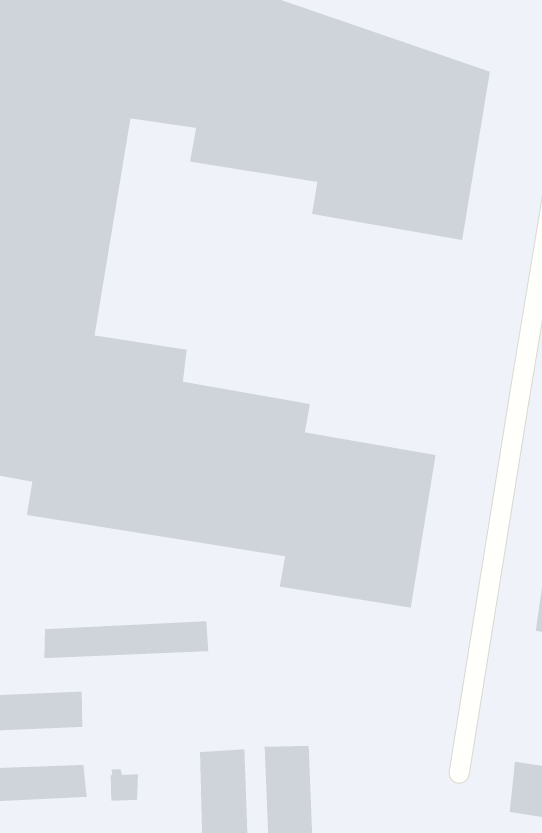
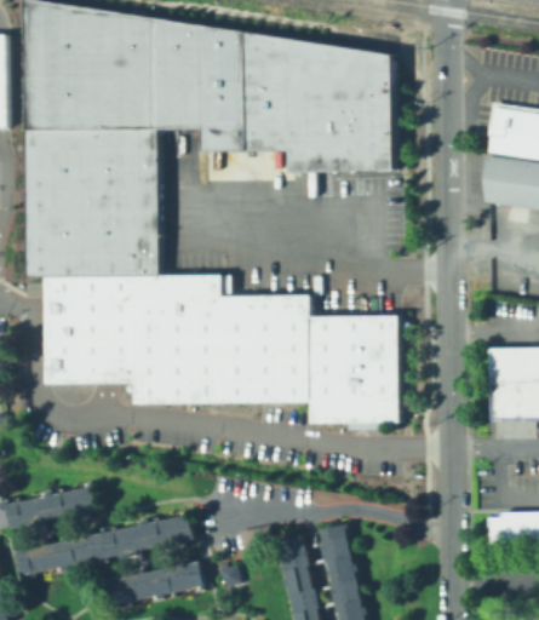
building: [44,620,209,659] -> none

